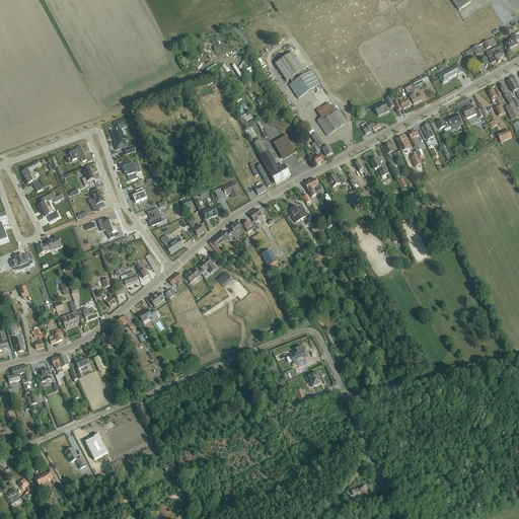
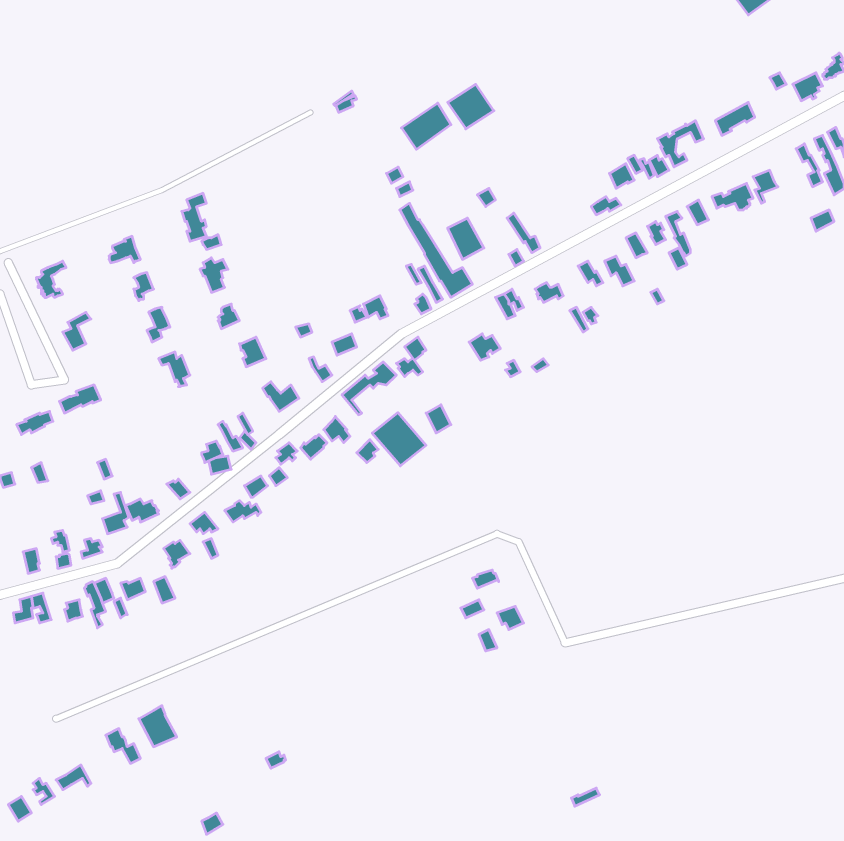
building: [289,69,319,97] -> [401,103,451,149]
building: [316,101,347,135] -> none
building: none -> [372,413,426,466]

